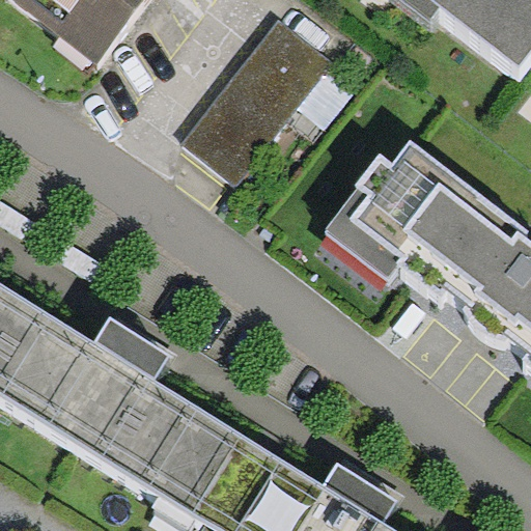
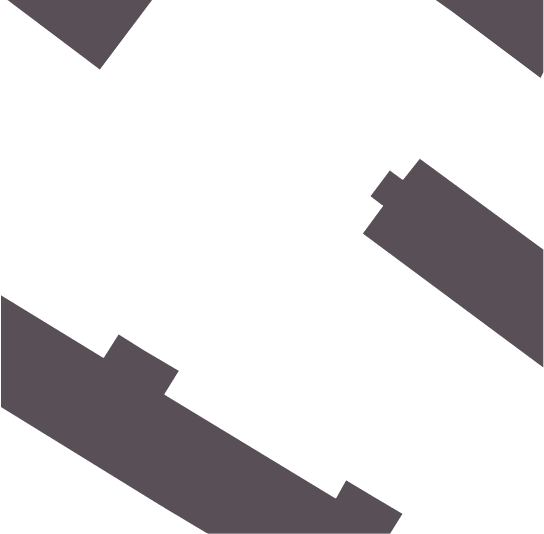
building: [185,18,328,175] -> none

